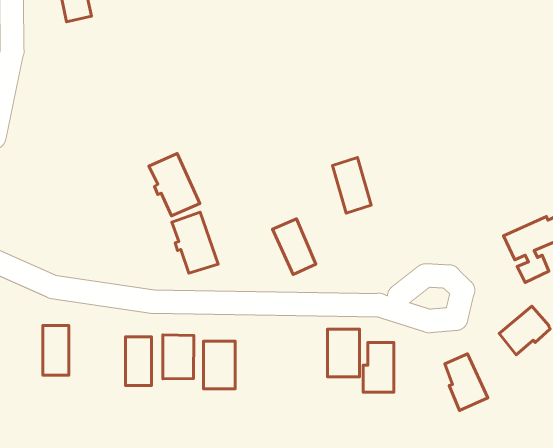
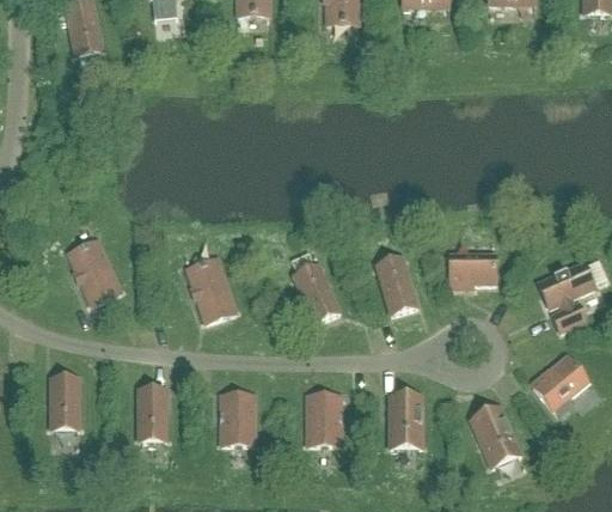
building: [149,154,200,216] -> [68,239,122,305]
building: [333,158,371,213] -> [377,256,417,315]
building: none -> [449,256,496,285]
building: [328,329,359,377] -> [307,395,341,445]
building: [163,335,194,379] -> none

